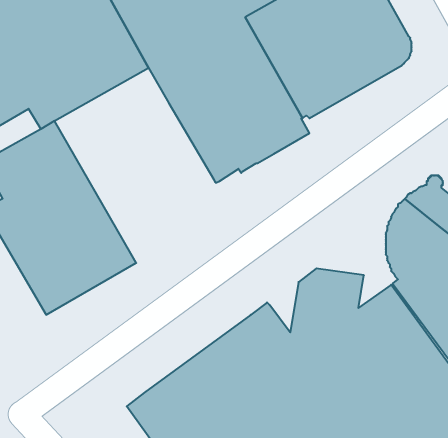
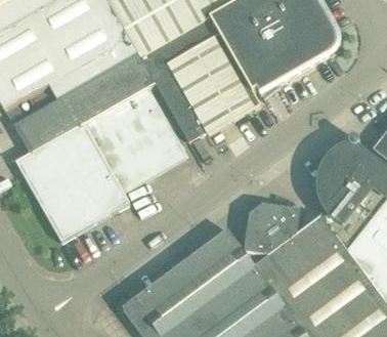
building: none -> [68,54,188,194]

